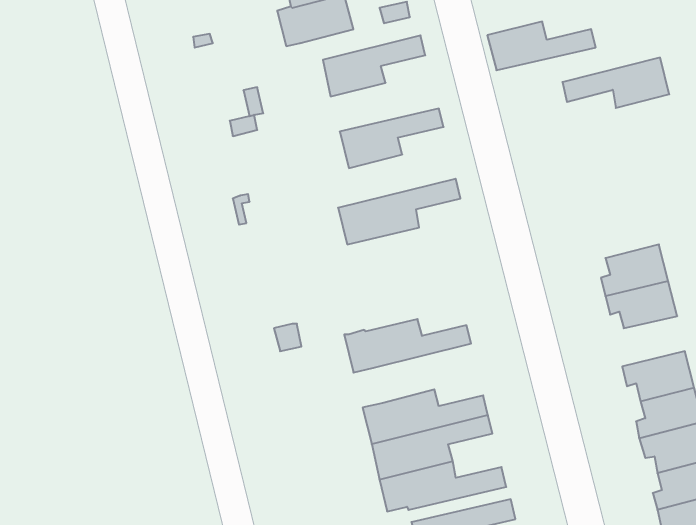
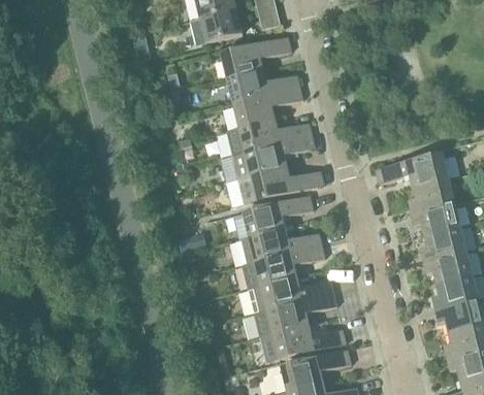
building: [487,22,596,70] -> [227,68,300,101]
building: [562,58,669,108] -> [377,153,449,187]
building: none -> [227,117,312,153]
building: none -> [238,166,324,202]
building: none -> [233,195,313,238]
building: none -> [421,226,466,260]
building: none -> [243,244,325,288]

